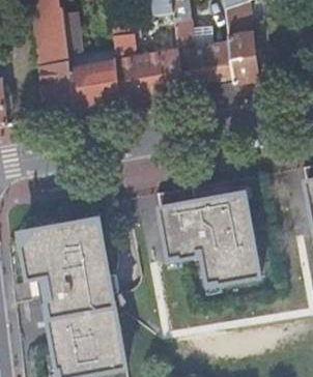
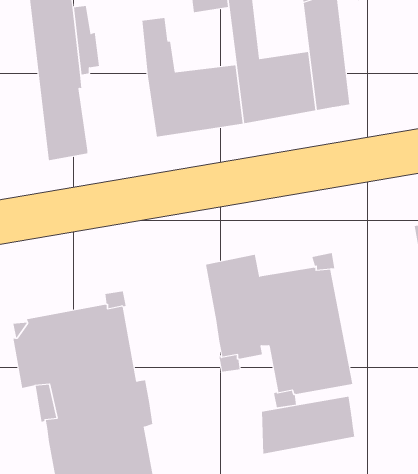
building: [69,55,123,112] -> none
building: none -> [261,396,355,454]

